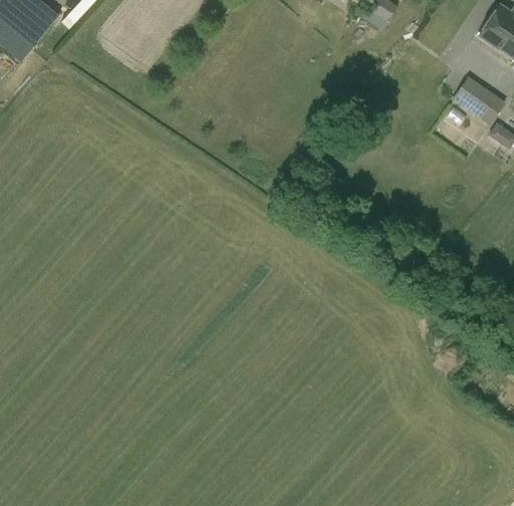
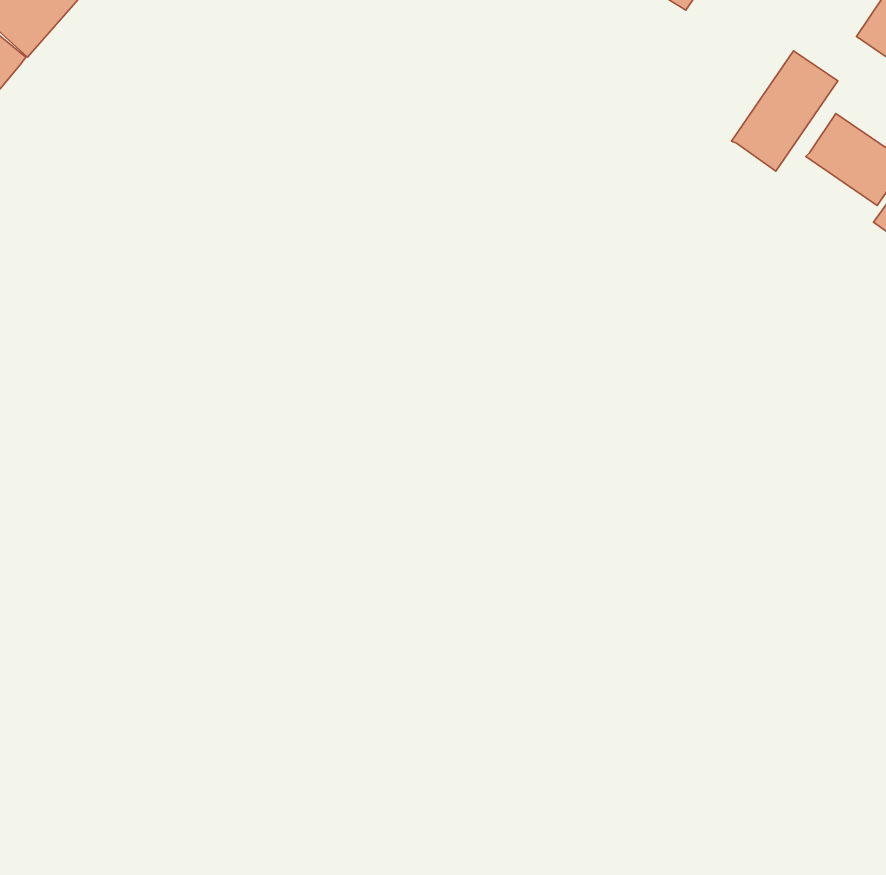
building: none -> [732,51,838,171]

